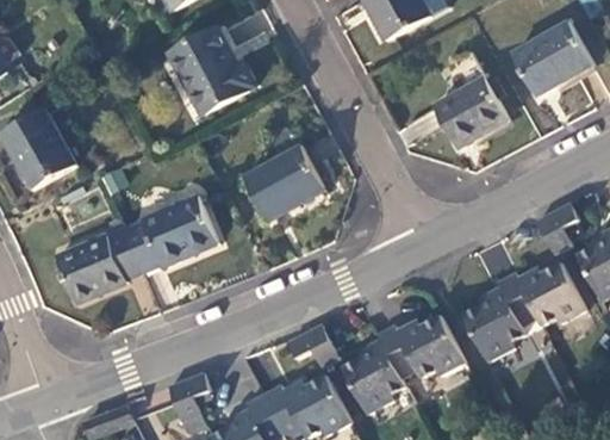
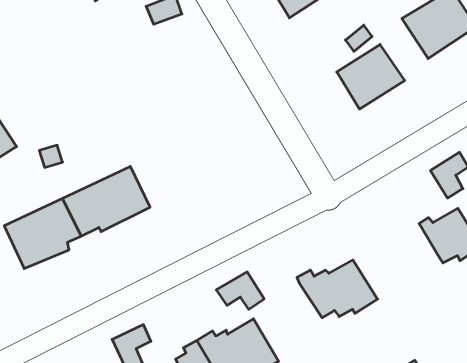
building: [170,26,256,112] -> none
building: [244,144,325,219] -> none
building: [462,271,536,360] -> none
building: [341,337,405,413] -> none

